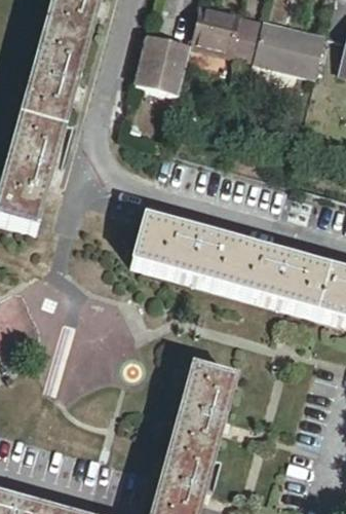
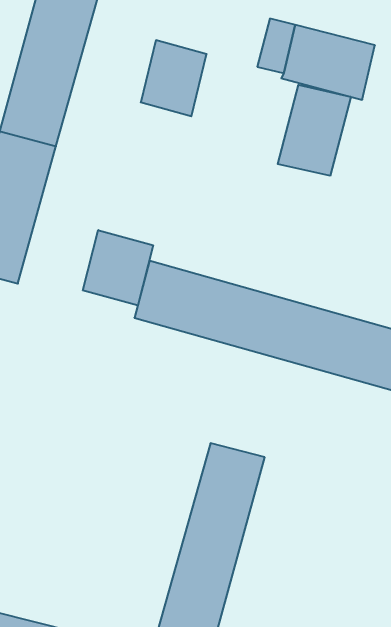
building: [190,6,241,56] -> none
building: none -> [278,85,351,176]
building: none -> [83,230,153,306]

